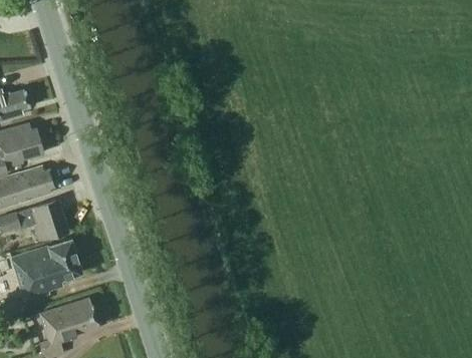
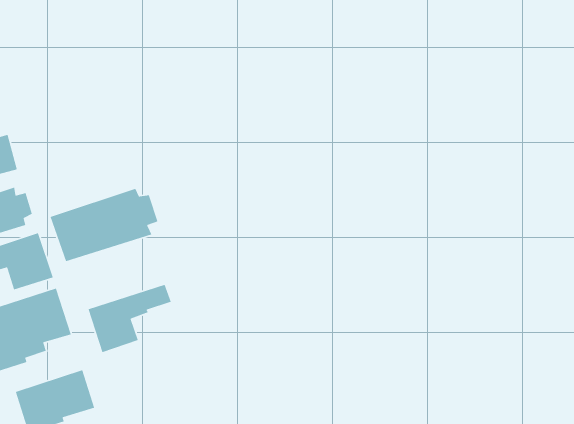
building: none -> [50,188,158,262]
building: none -> [87,284,172,353]

